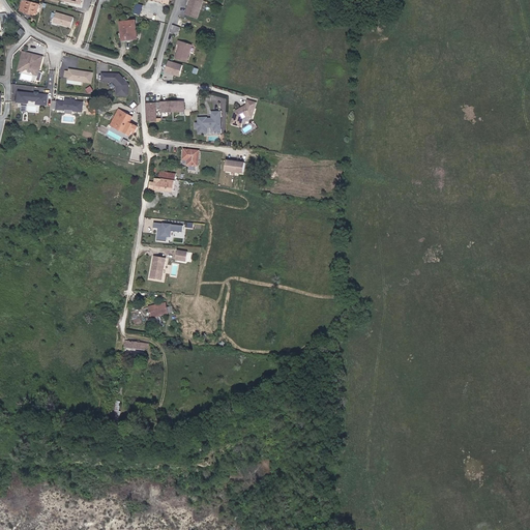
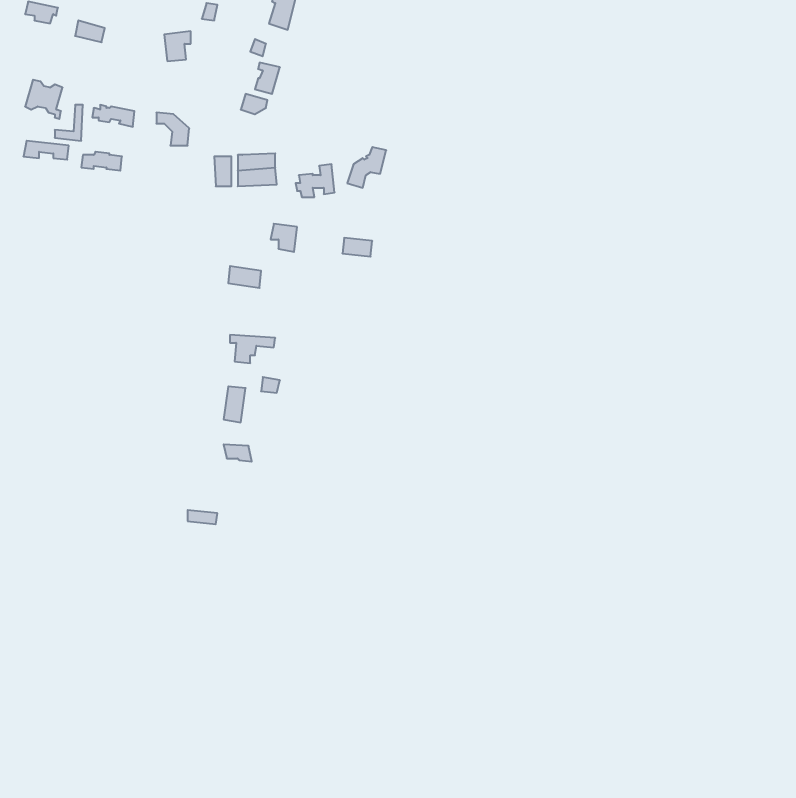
building: [108,110,137,134] -> none

